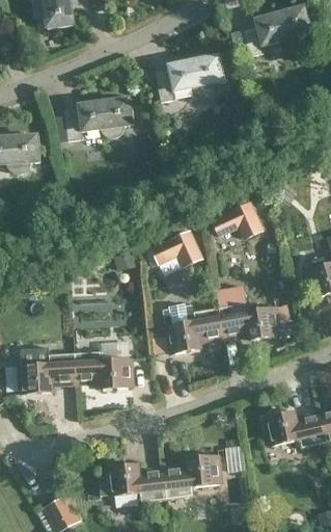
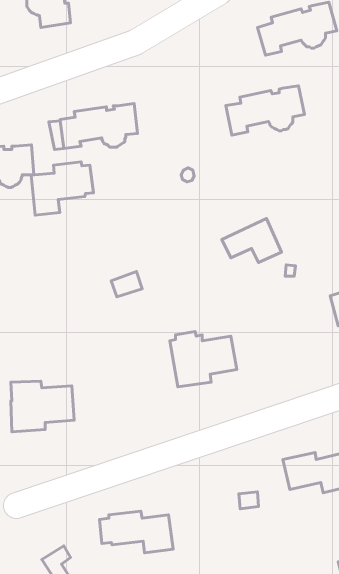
building: [155,54,225,99] -> [226,86,304,135]
building: none -> [31,162,93,215]
building: [148,229,202,268] -> none
building: [215,284,287,339] -> none
building: [75,350,132,388] -> none
building: [162,455,221,499] -> none

